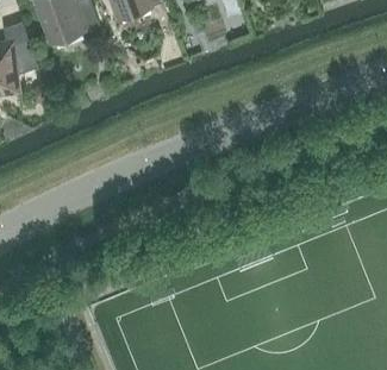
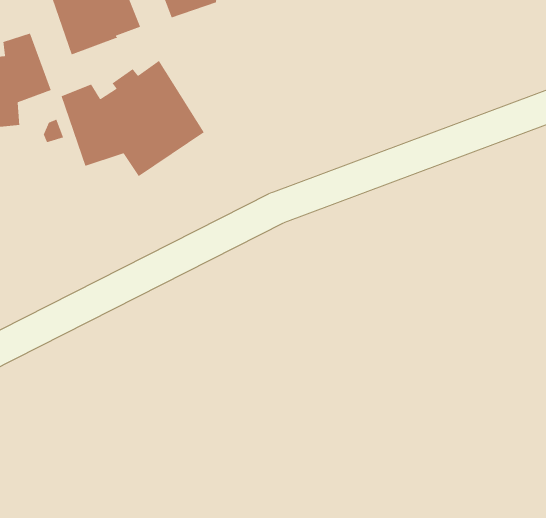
building: none -> [61,60,205,177]

